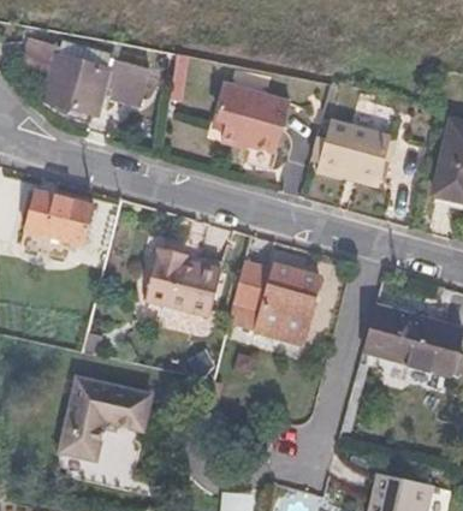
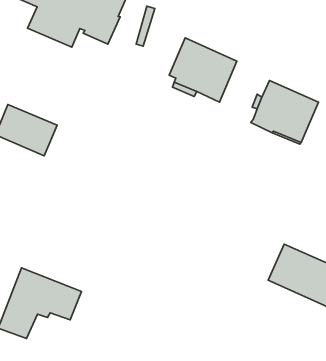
building: [144,246,220,316] -> none
building: [228,262,319,344] -> none

